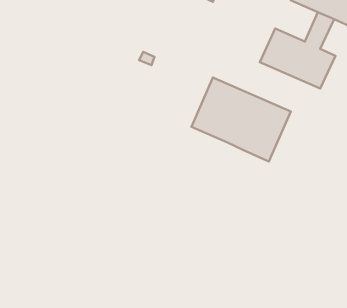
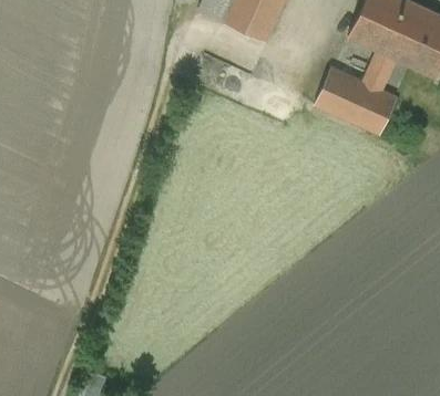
building: [192,78,291,161] -> none

